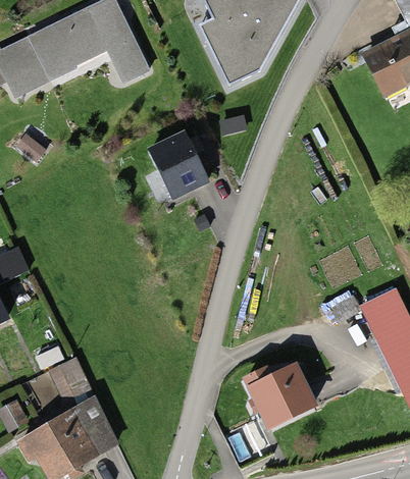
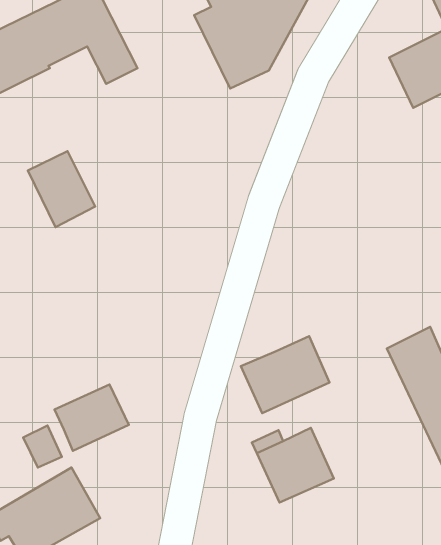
building: [150,130,207,195] -> [28,151,95,227]
building: none -> [241,336,330,413]
building: none -> [54,384,129,451]

